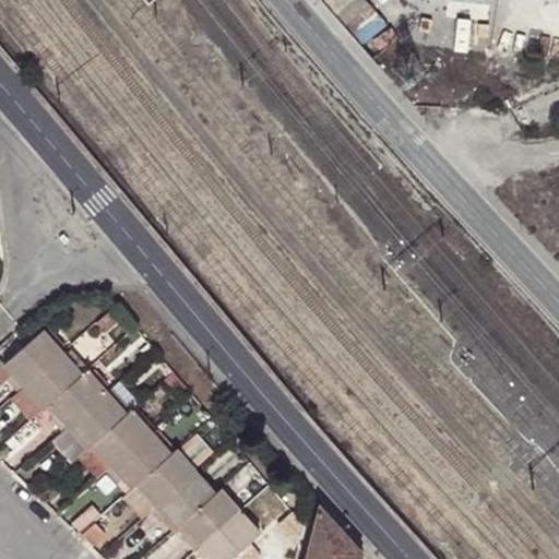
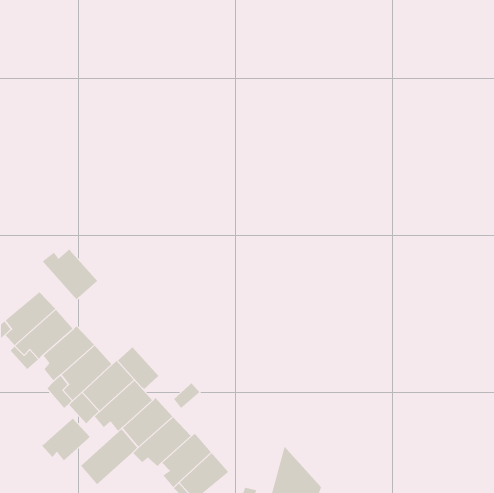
building: none -> [42,248,98,300]
building: none -> [117,346,159,390]
building: none -> [41,418,90,461]

